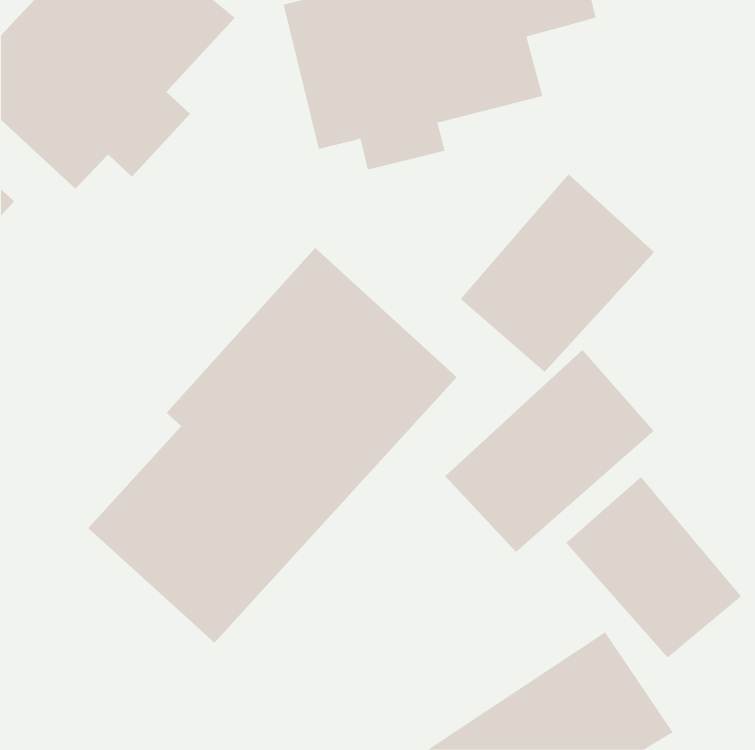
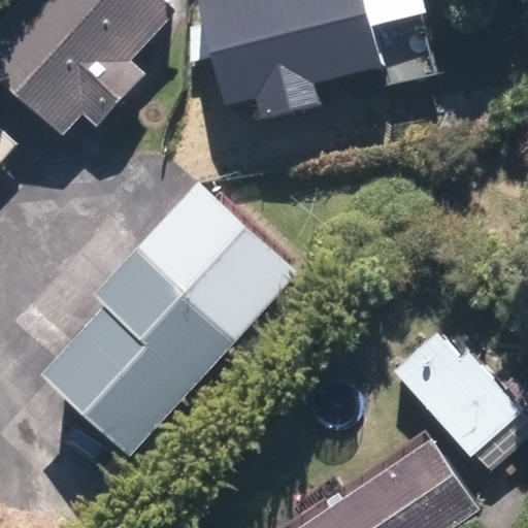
building: [460,173,655,373] -> none
building: [445,349,655,553] -> none

